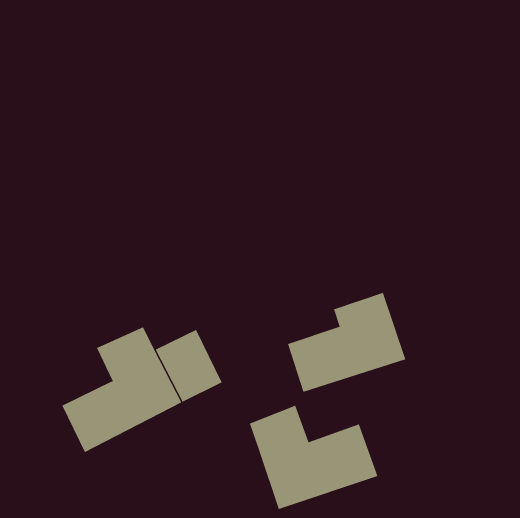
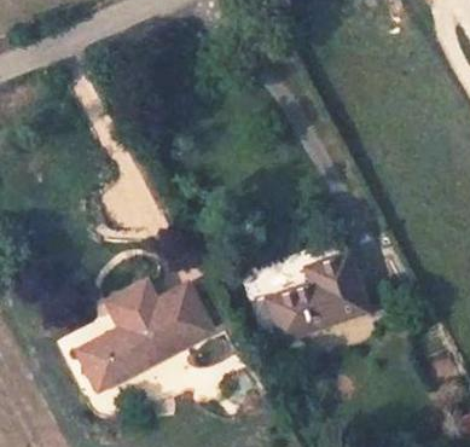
building: [249,405,378,510] -> none

